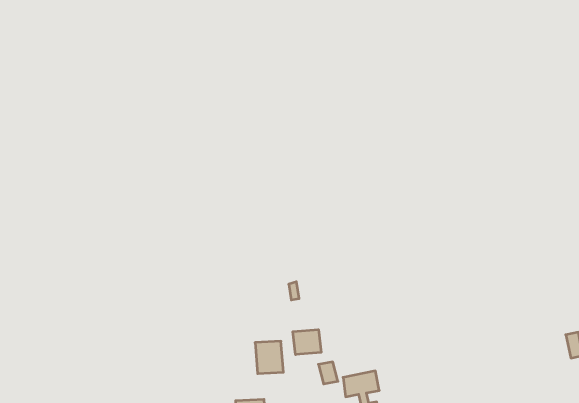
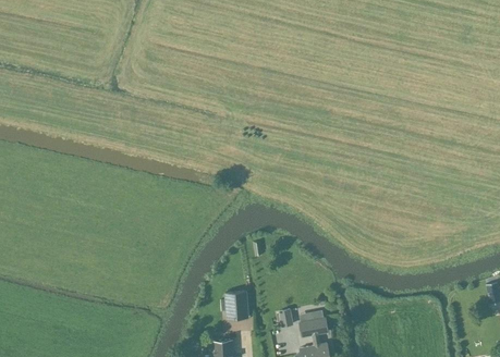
building: [293,330,321,355] -> none

